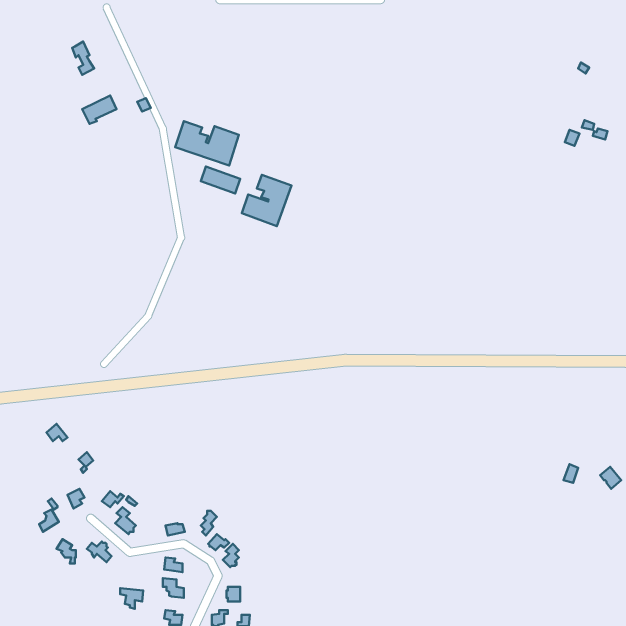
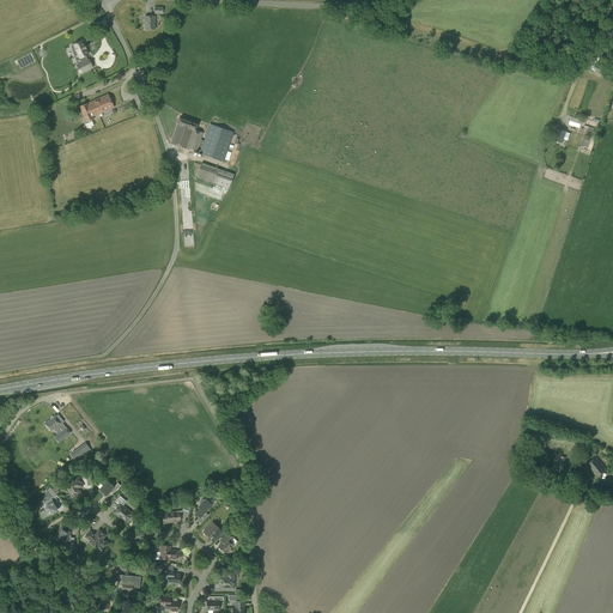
building: [242,175,291,226] -> none

